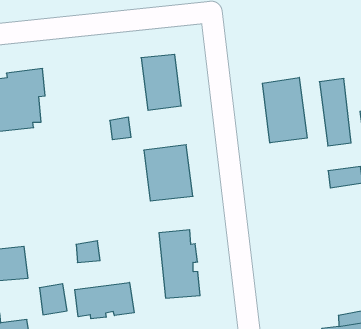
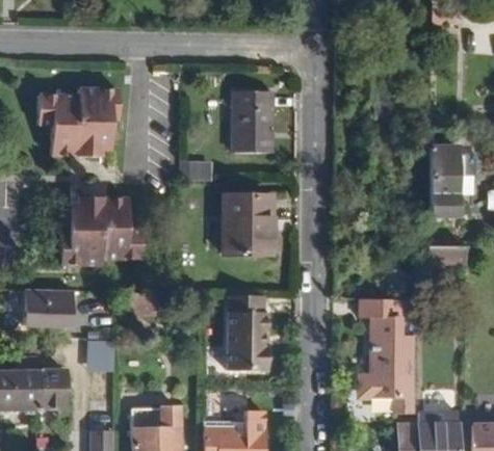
building: [262,77,307,143] -> none
building: none -> [61,197,142,265]
building: none -> [360,297,415,414]
building: [75,282,134,319] -> none

